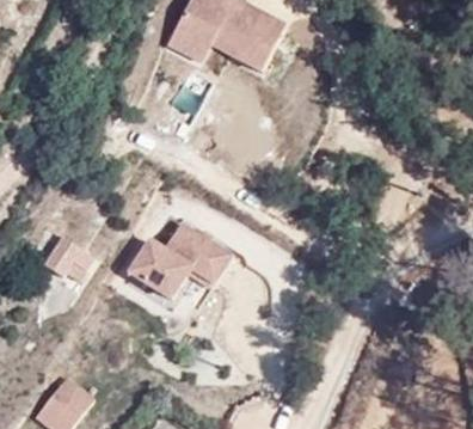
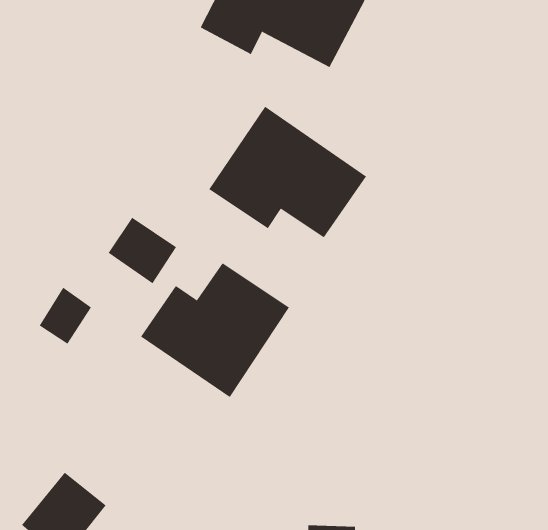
building: none -> [209,106,367,238]
building: none -> [108,217,177,284]

